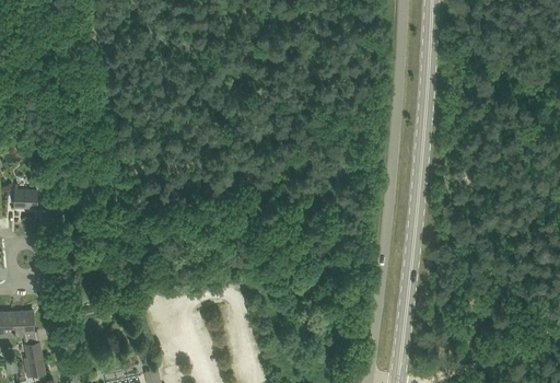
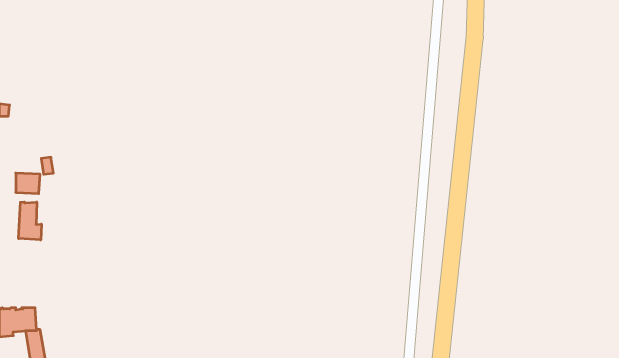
building: none -> [19,202,41,240]

